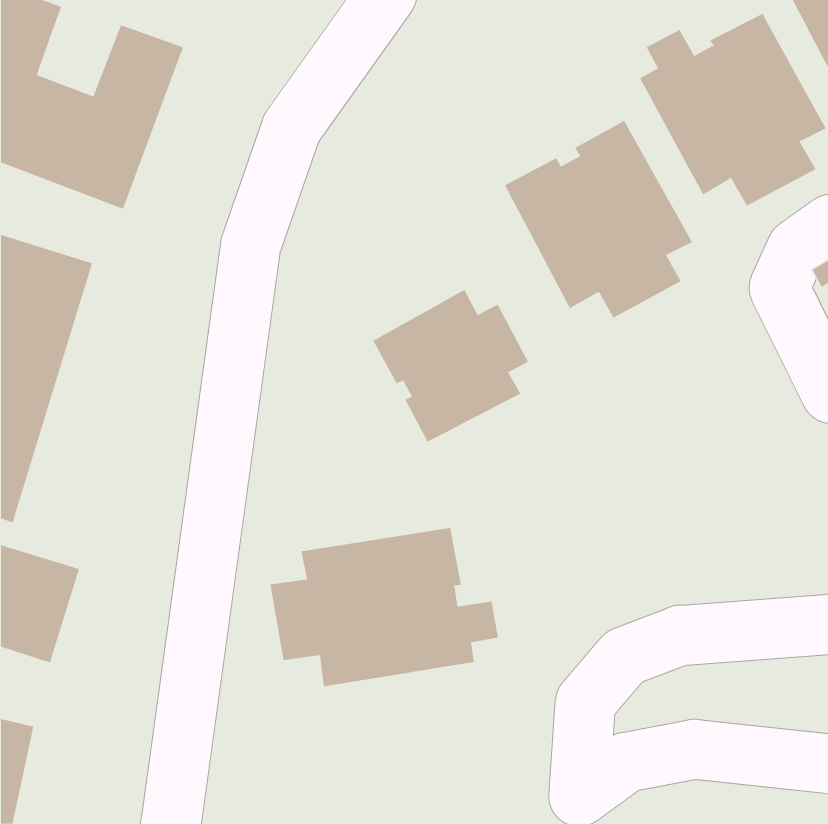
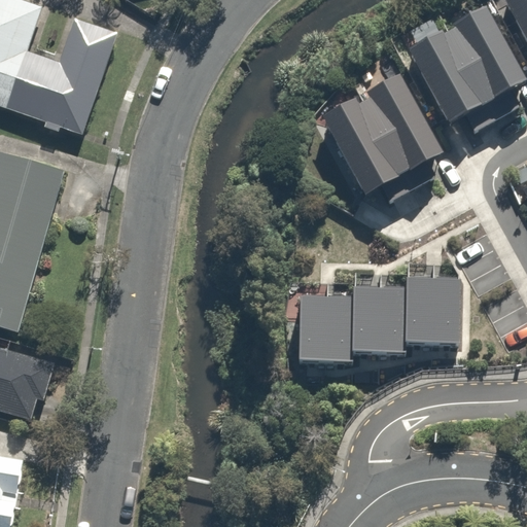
building: [372,289,529,442] -> none
building: none -> [295,276,458,363]
building: [270,527,499,687] -> none

